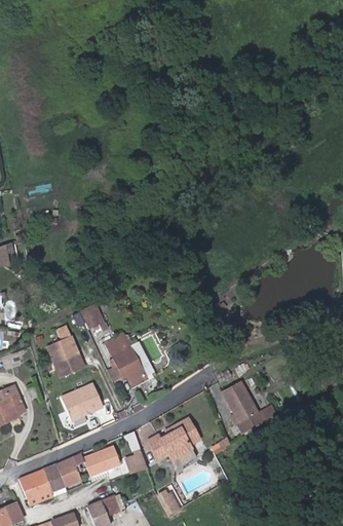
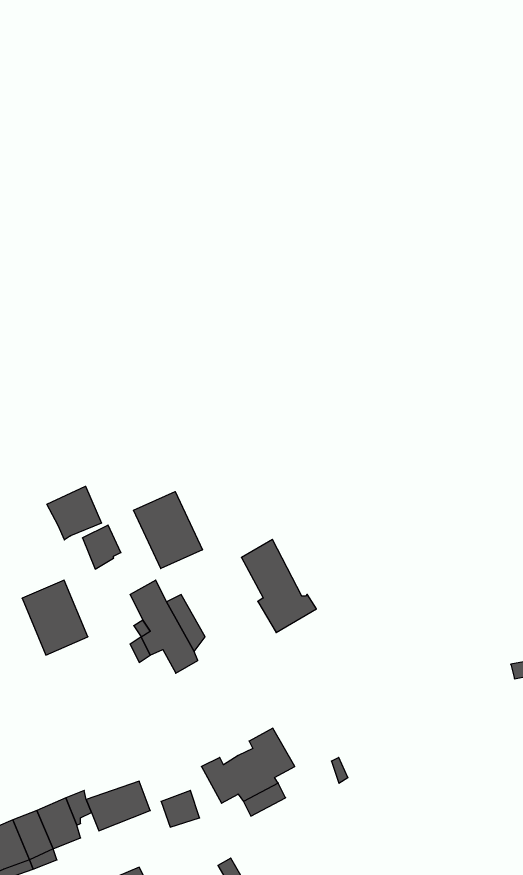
building: none -> [47,486,102,540]
building: none -> [134,492,202,569]
building: [223,381,265,434] -> [241,539,316,633]
building: [62,382,103,419] -> none

